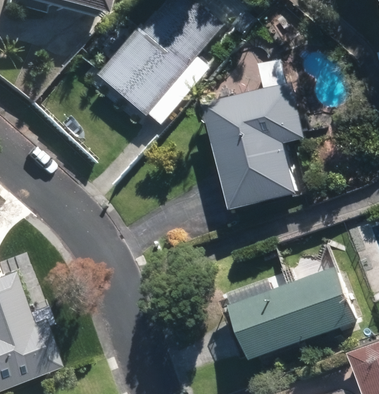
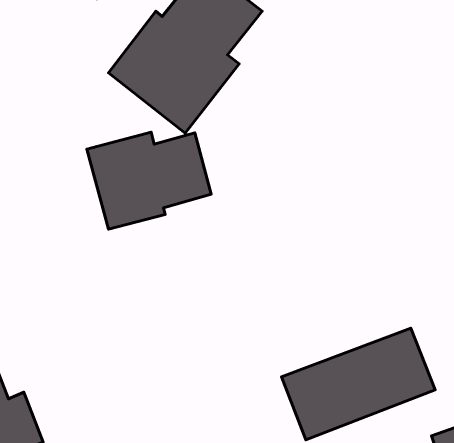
building: [208,86,304,209] -> none
building: none -> [87,132,211,229]

